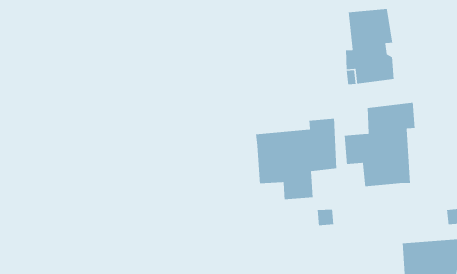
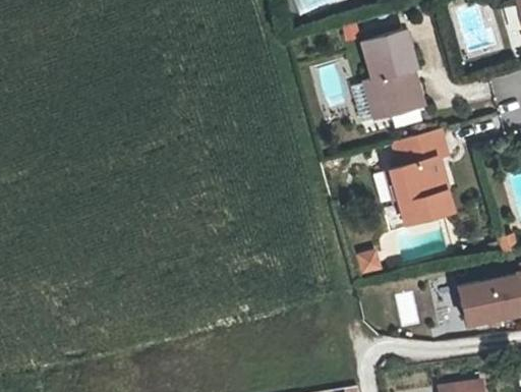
building: [255,118,337,200] -> none

